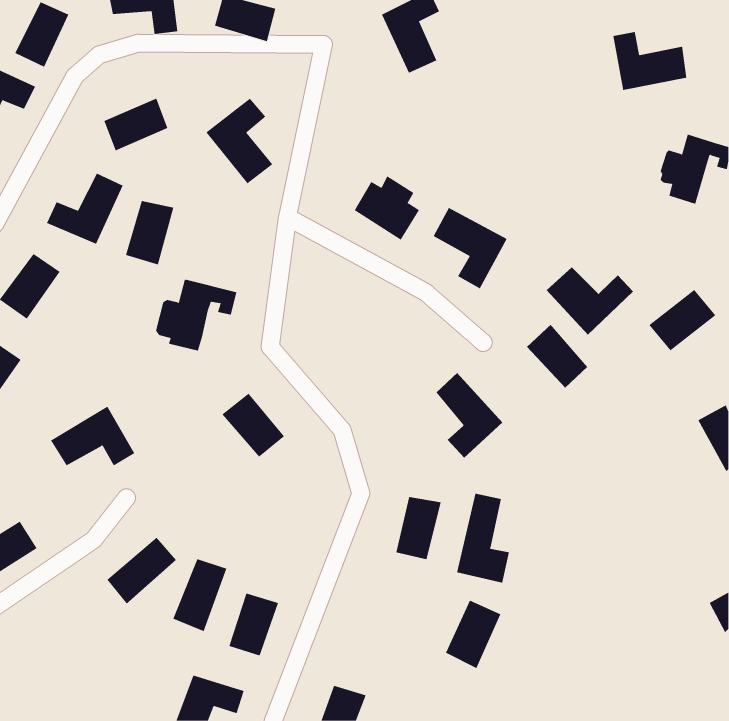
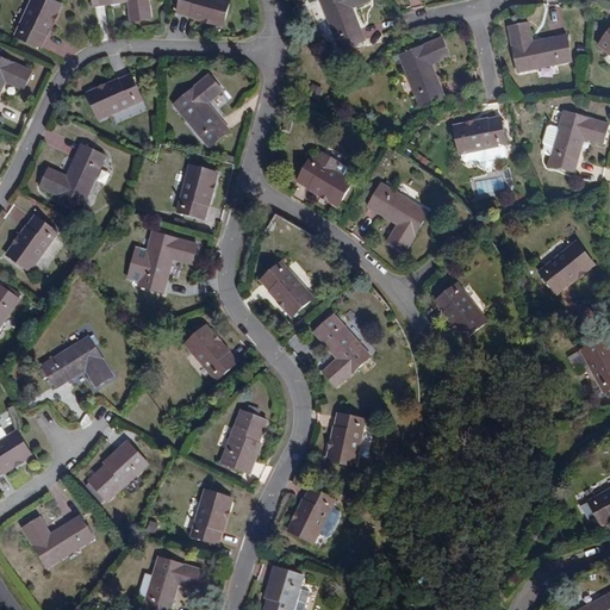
building: none -> [398,41,448,111]
building: none -> [455,113,508,152]
building: [125,200,174,265] -> [176,164,217,218]
building: [546,266,634,336] -> none
building: none -> [260,259,312,312]
building: [435,372,503,459] -> [315,312,371,384]
building: [457,493,509,583] -> none
building: [172,558,227,632] -> [222,411,267,472]
building: [445,600,501,669] -> [292,488,338,546]
building: none -> [20,517,93,567]

